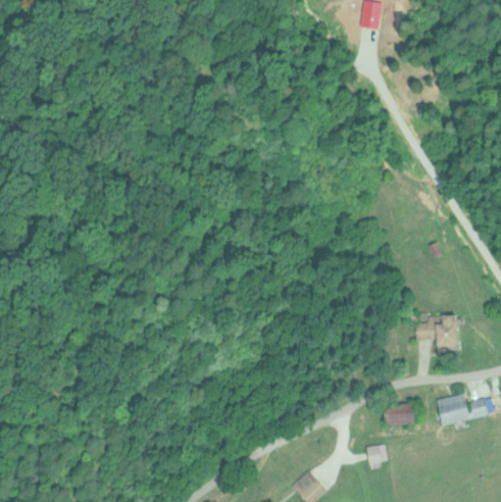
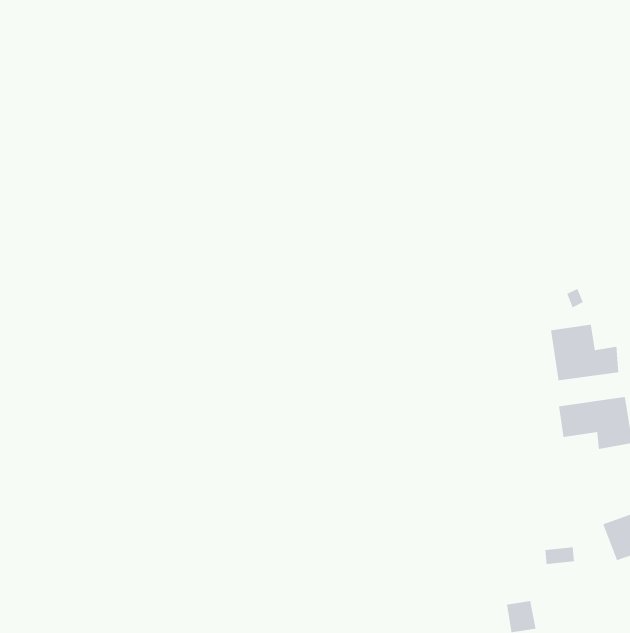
building: none -> [550,324,619,381]

